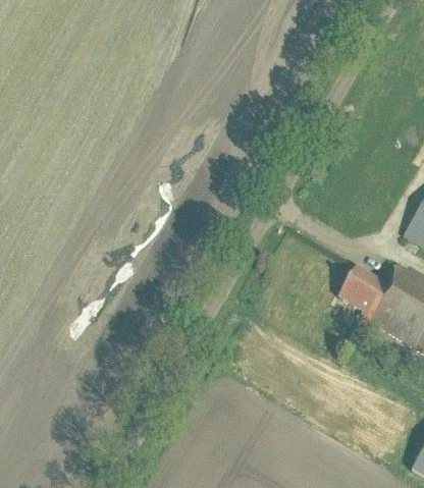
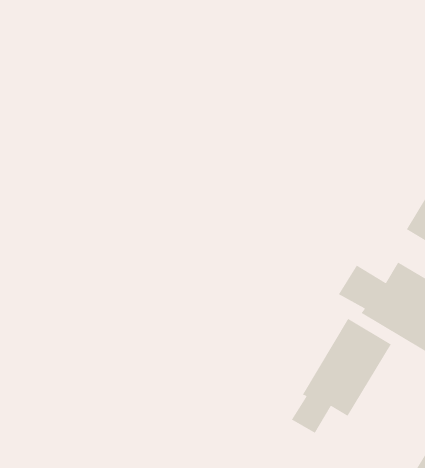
building: none -> [291,318,392,434]

